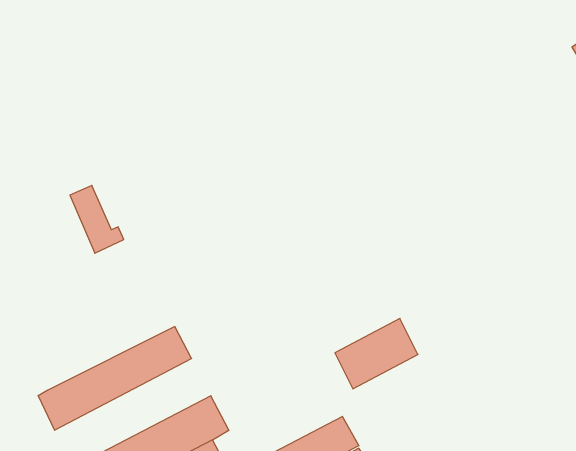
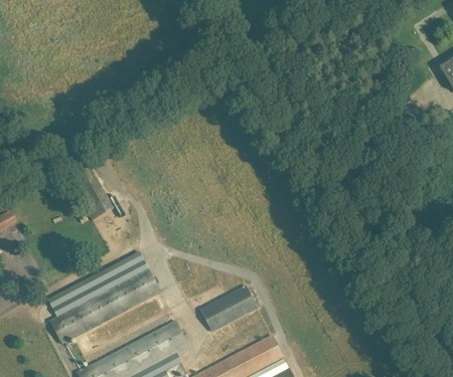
building: none -> [48,250,150,316]
building: [335,318,418,389] -> [199,282,260,334]

